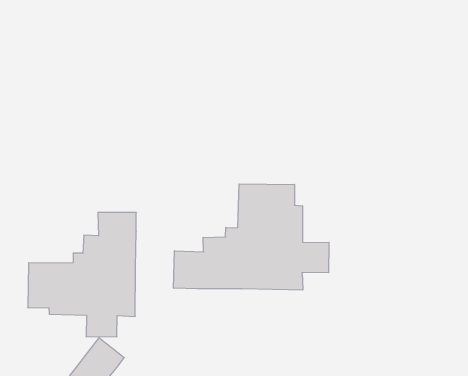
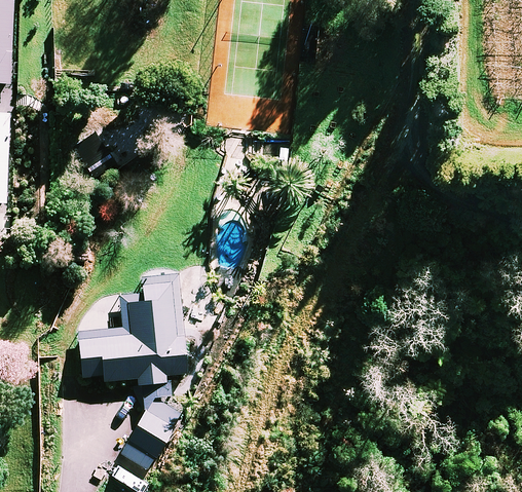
building: [174,184,329,290] -> none

